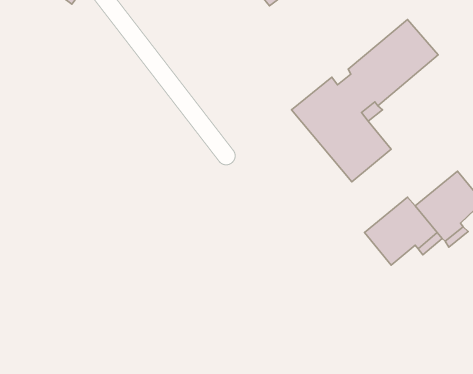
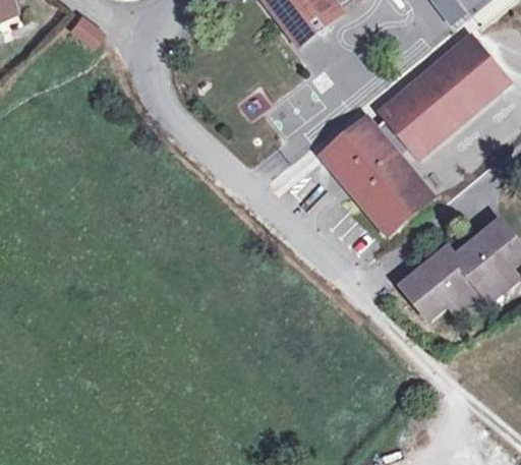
building: none -> [447,43,501,100]

